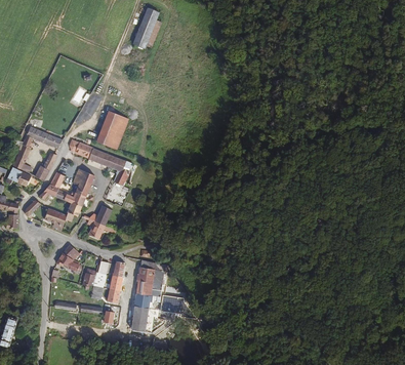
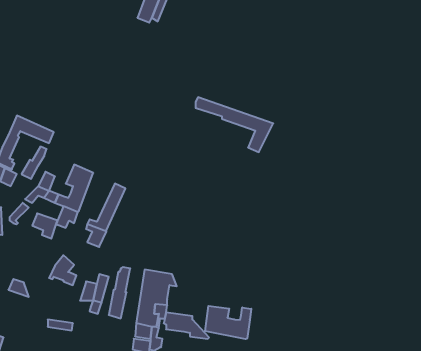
building: [98,112,128,149] -> none
building: [69,141,135,189] -> [196,97,273,152]
building: none -> [205,306,251,339]

